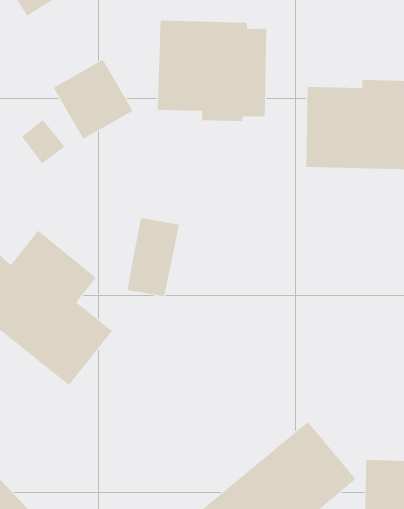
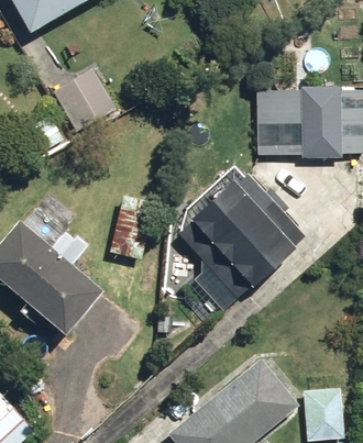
building: [157,20,267,122] -> none
building: none -> [177,178,309,320]

